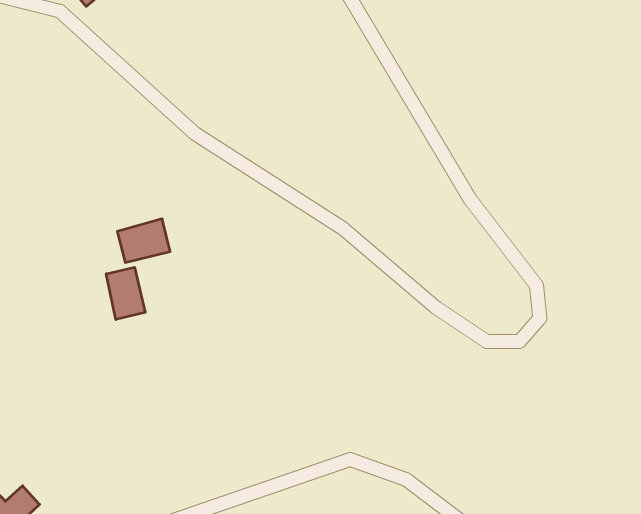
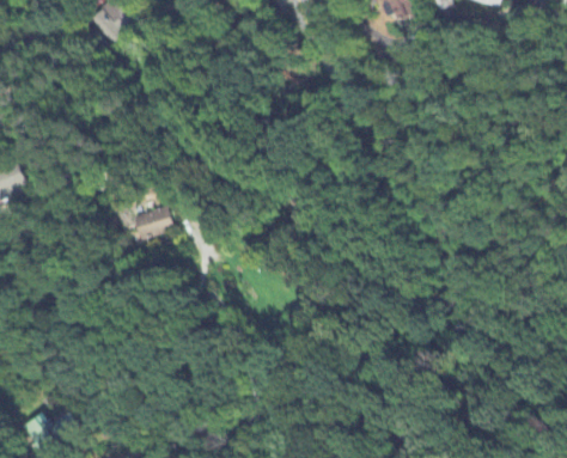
building: [106,267,145,320] -> none

